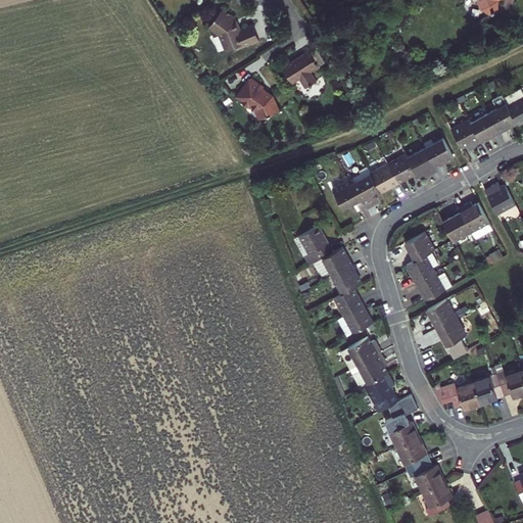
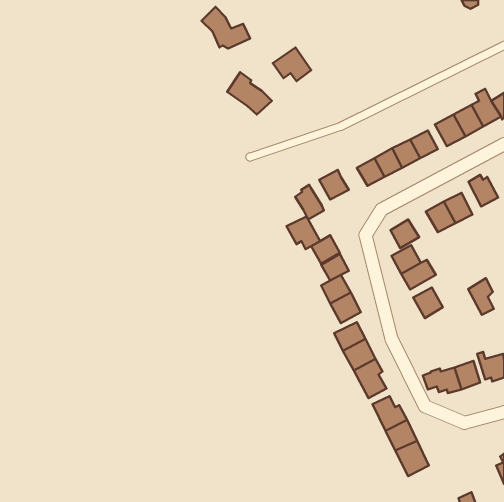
building: [352,174,382,209] -> [295,185,324,219]
building: [439,321,466,359] -> [468,278,494,315]
building: [422,484,451,517] -> none

